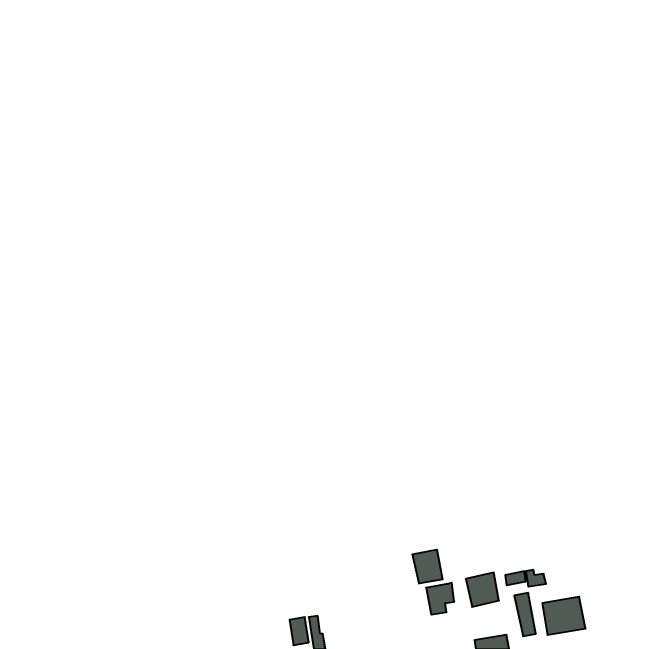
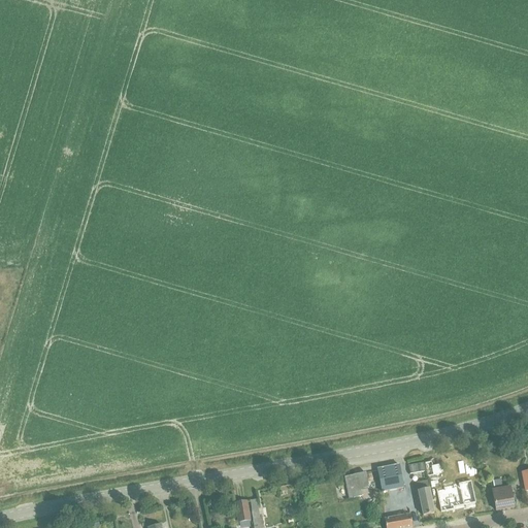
building: [412,550,443,584] -> none
building: none -> [492,486,514,509]

